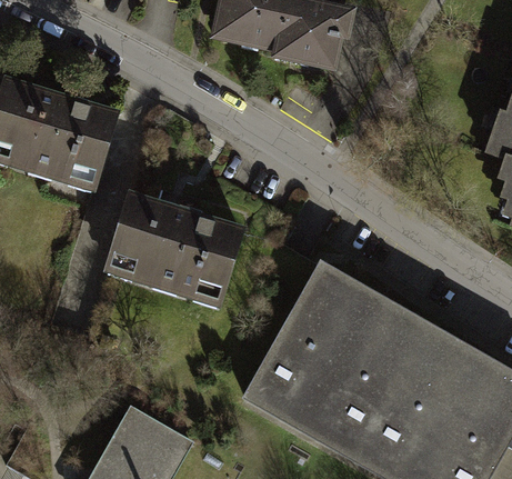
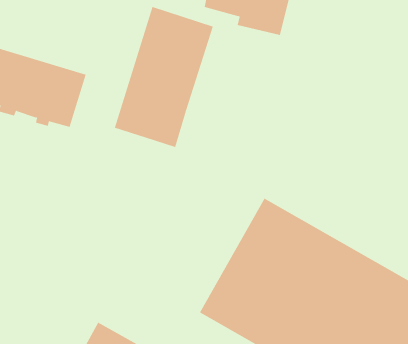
building: none -> [114,6,214,148]
building: [112,199,242,309] -> none

